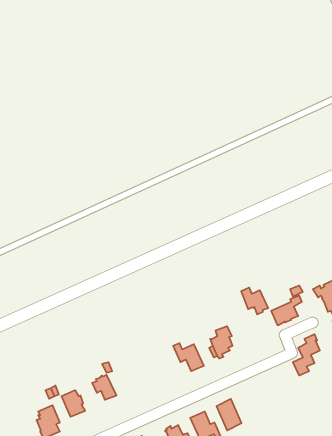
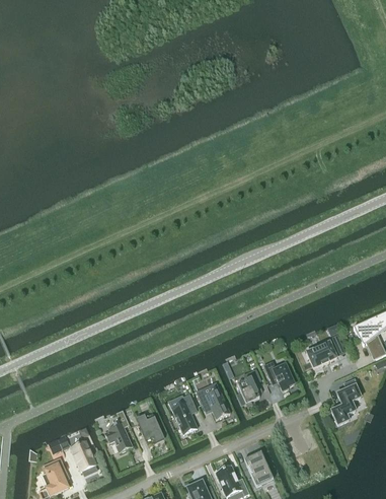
building: [241,287,268,314] -> [263,360,294,390]
building: none -> [168,394,197,433]
building: none -> [136,413,164,443]

